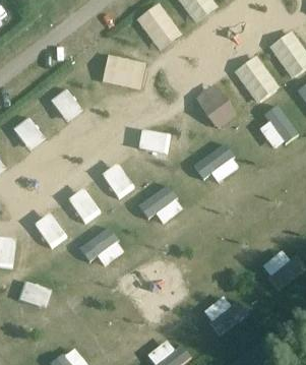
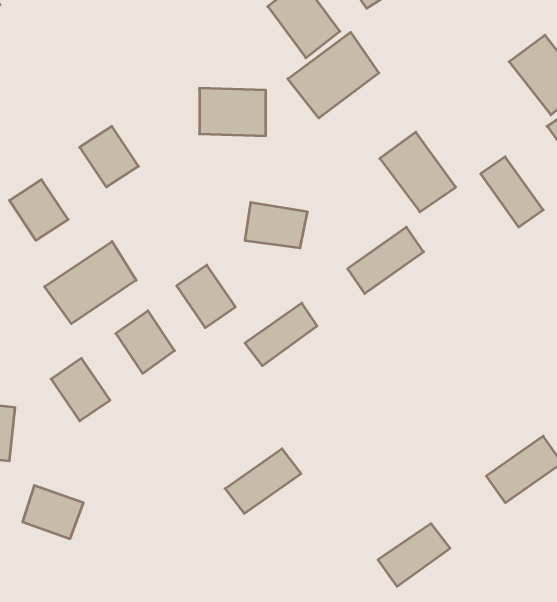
building: none -> [288,32,379,118]
building: [242,65,283,108] -> none
building: none -> [45,241,136,324]
building: [77,226,118,260] -> [225,449,301,513]

